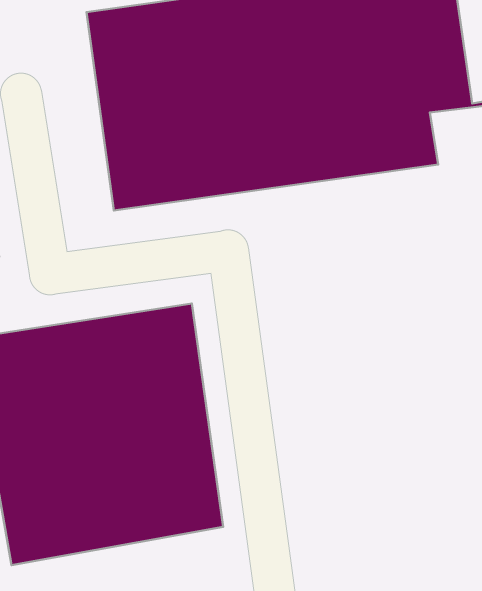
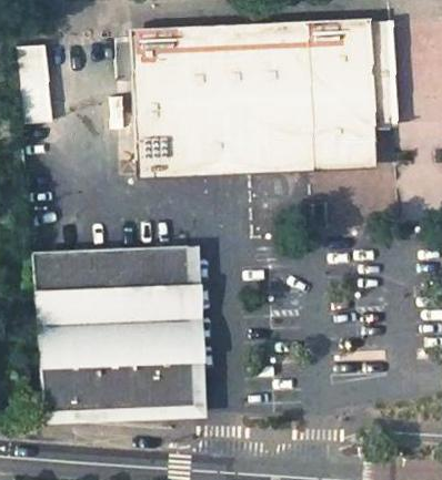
building: none -> [44,242,207,421]

